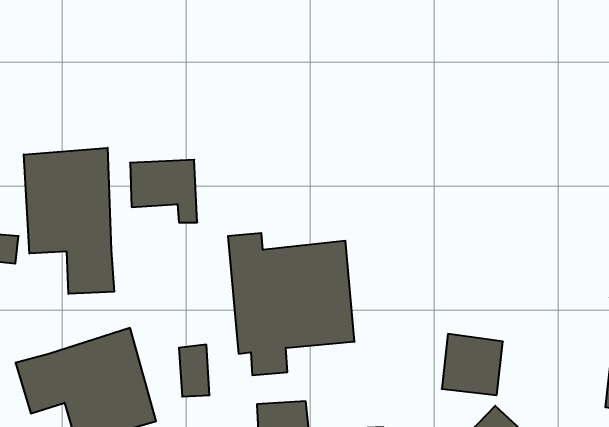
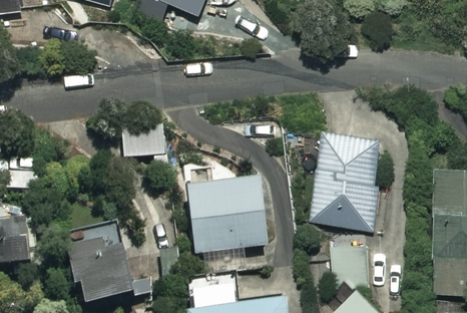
building: [24,148,114,294] -> none
building: none -> [306,131,382,230]

